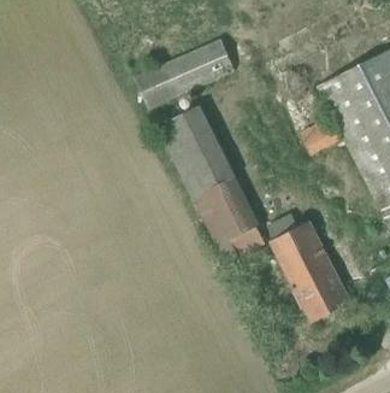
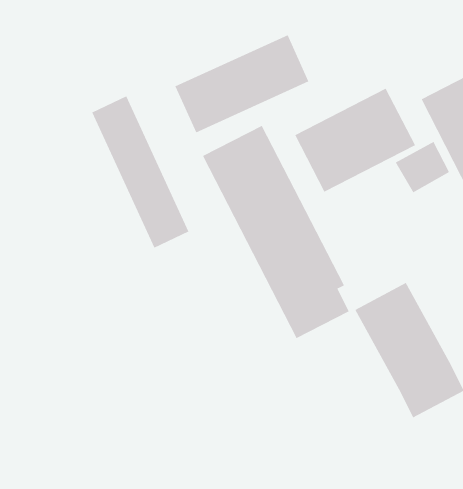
building: none -> [294,88,416,193]
building: none -> [92,96,189,248]

